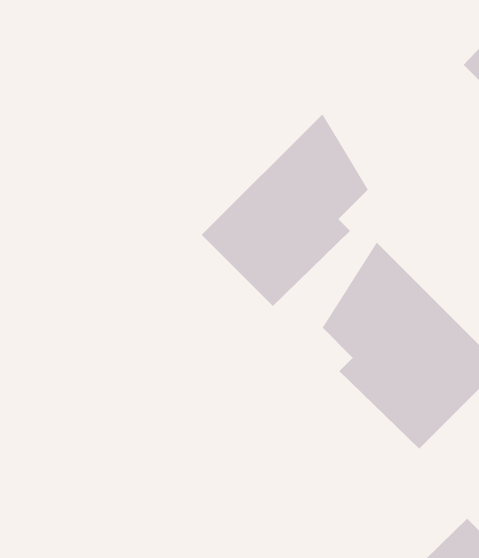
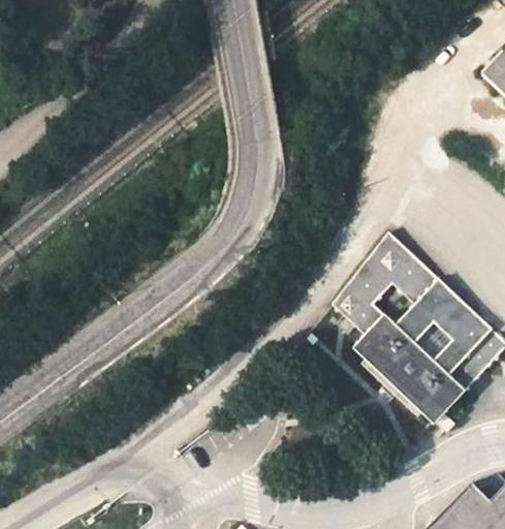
building: [201,113,369,307] -> none

